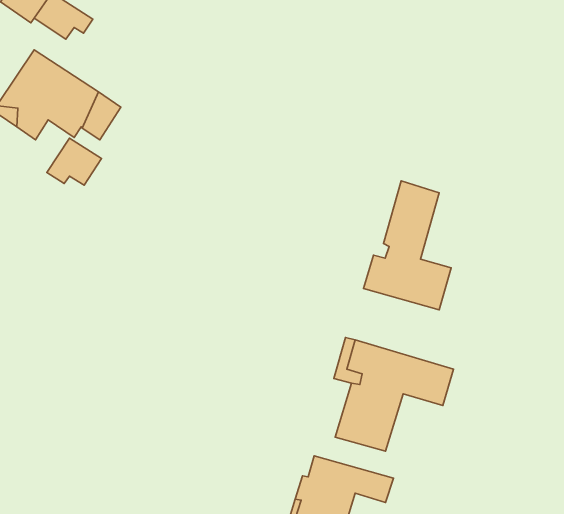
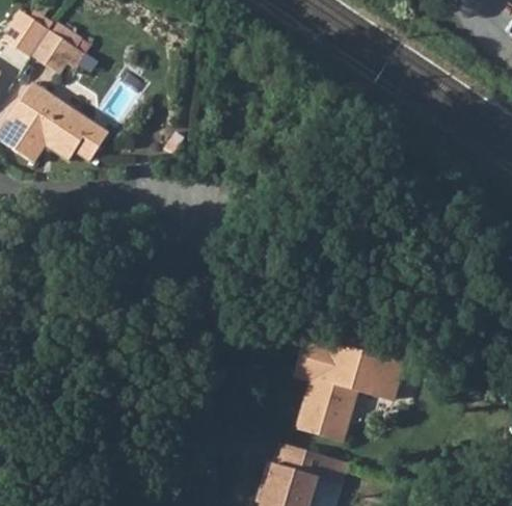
building: [47,138,101,185] -> none
building: [363,181,451,310] -> none

